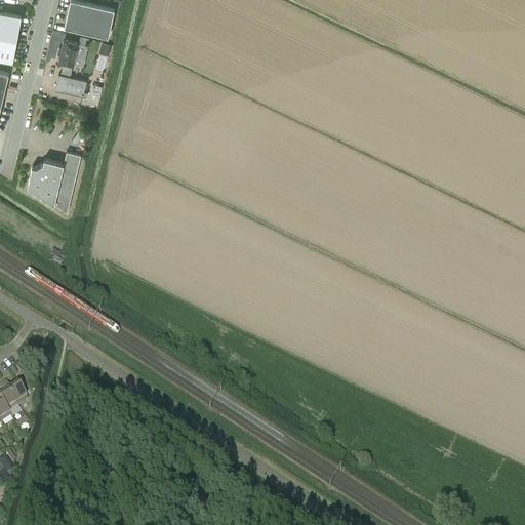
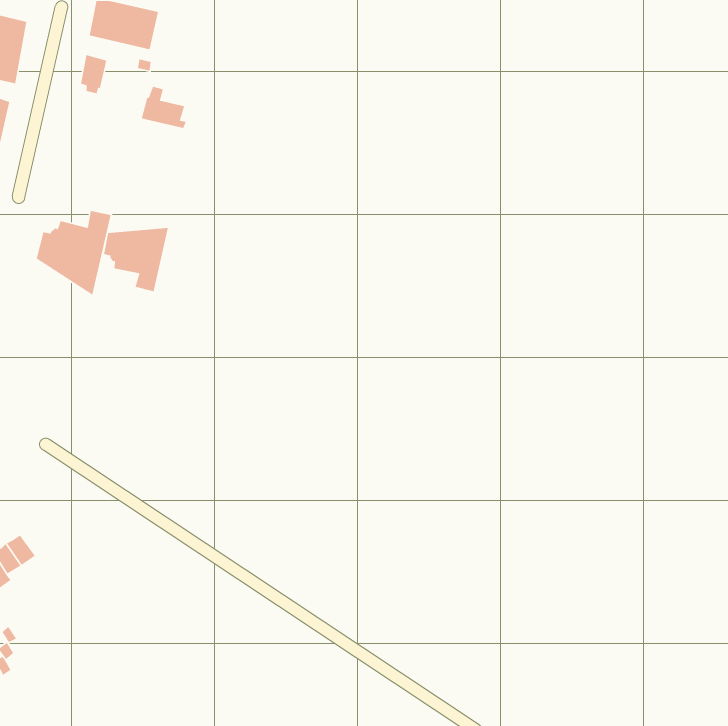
building: [53,69,86,99] -> [141,86,187,129]
building: none -> [103,227,169,292]

